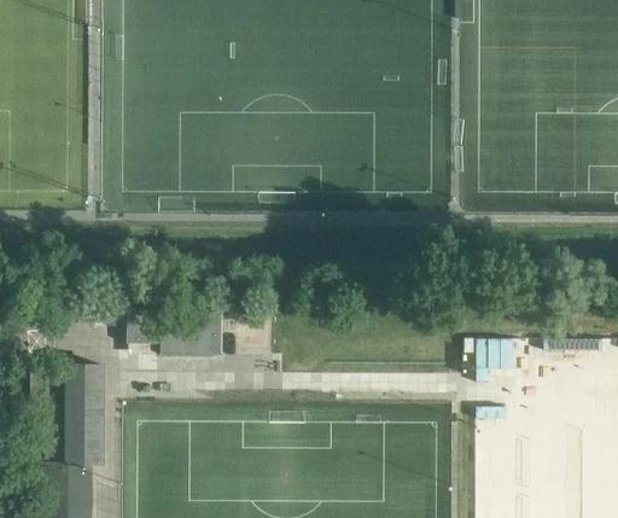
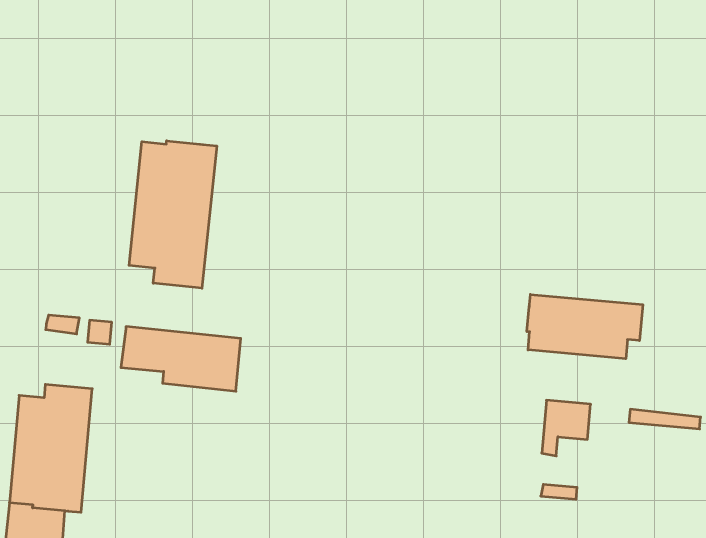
building: none -> [129,141,217,288]
building: none -> [527,294,643,359]

